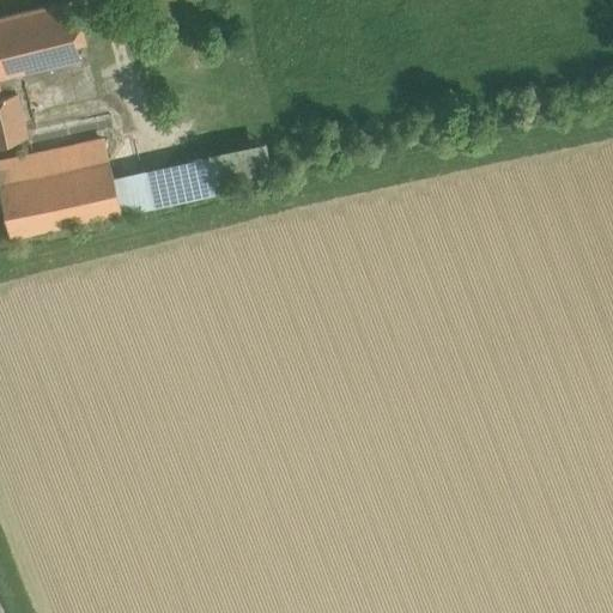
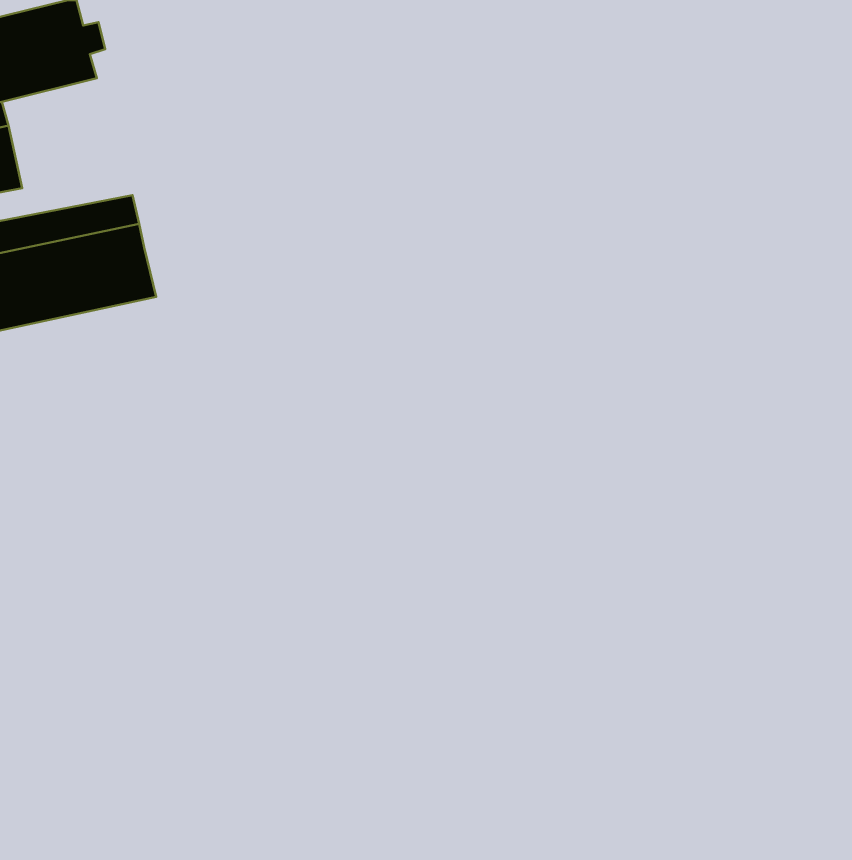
building: [102,159,206,214] -> none

